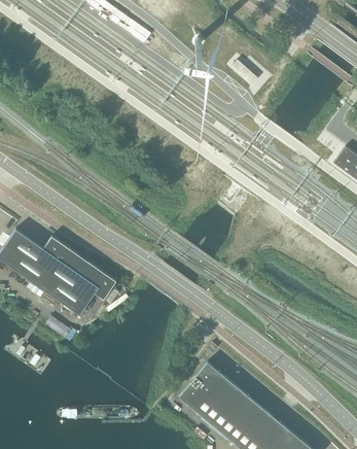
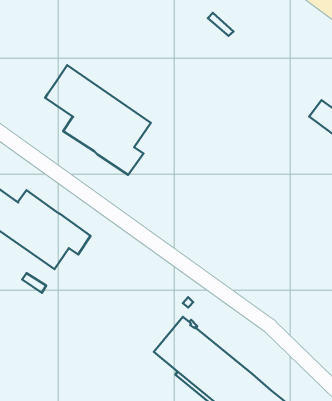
building: none -> [45,65,151,175]

